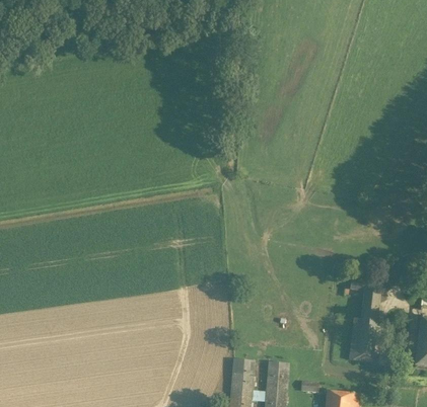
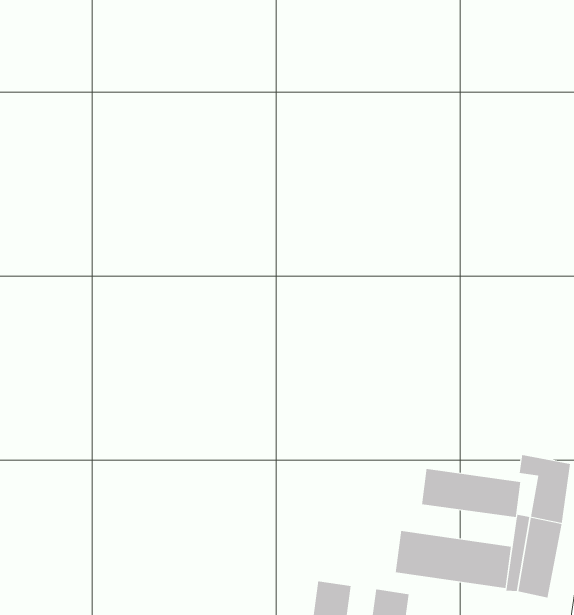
building: none -> [422,468,521,518]
building: none -> [395,530,512,589]

